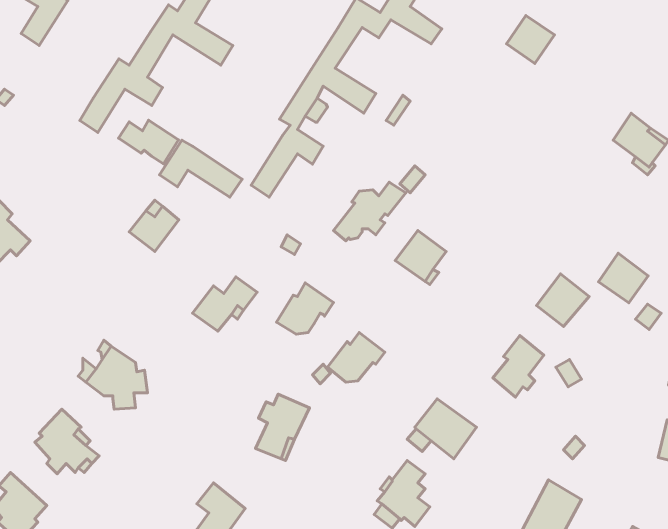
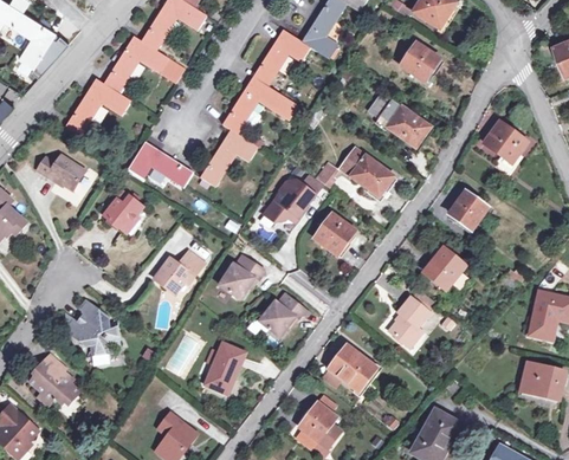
building: none -> [371,99,428,147]
building: [119,120,179,164] -> [38,154,85,188]
building: none -> [340,148,393,196]
building: [599,253,648,303] -> [450,190,489,229]

